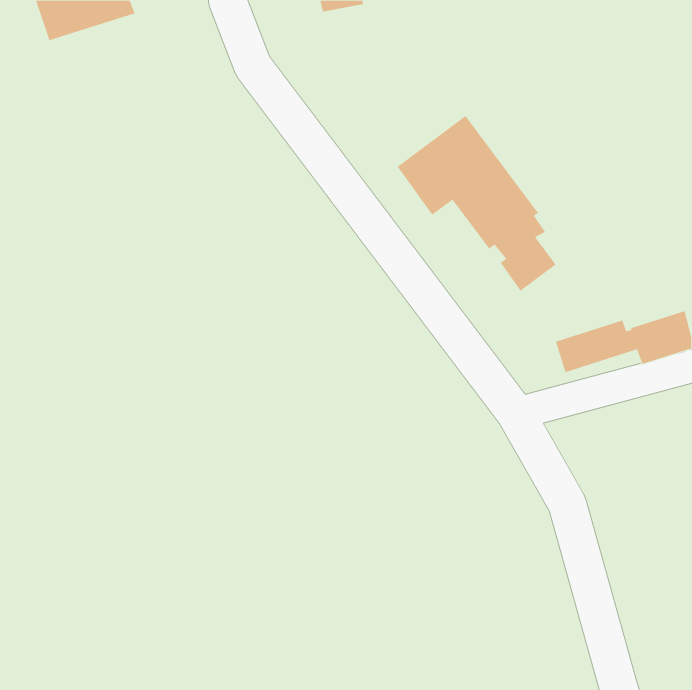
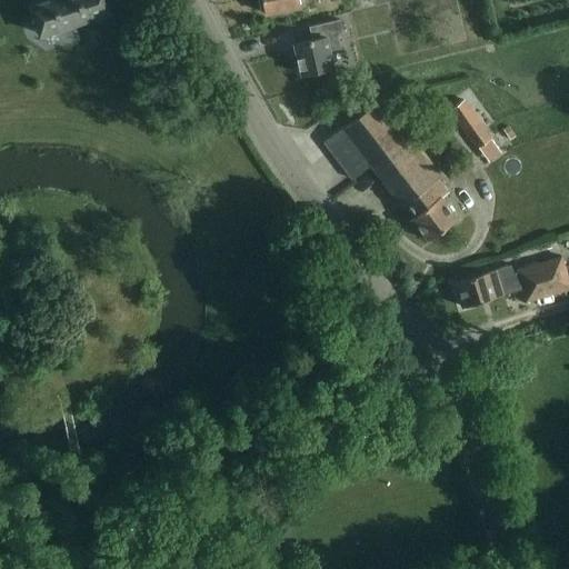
building: none -> [295,19,345,73]
building: none -> [451,103,491,150]

